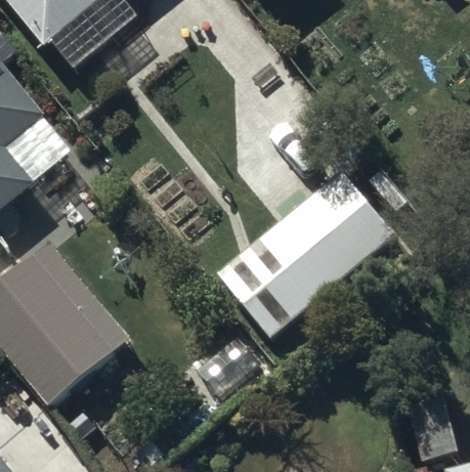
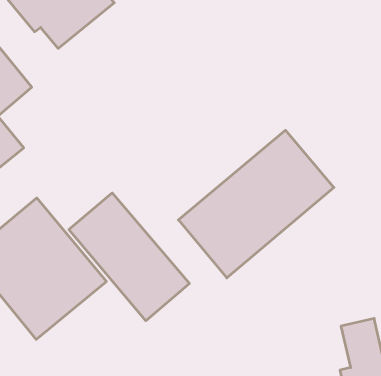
building: none -> [69,193,189,321]

